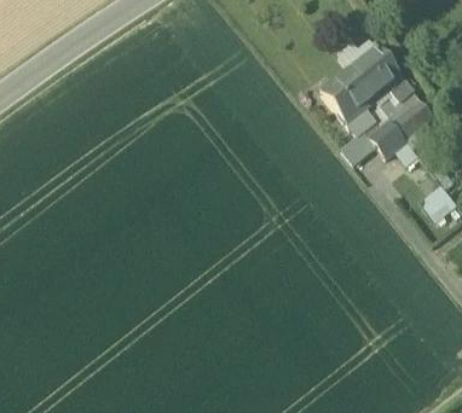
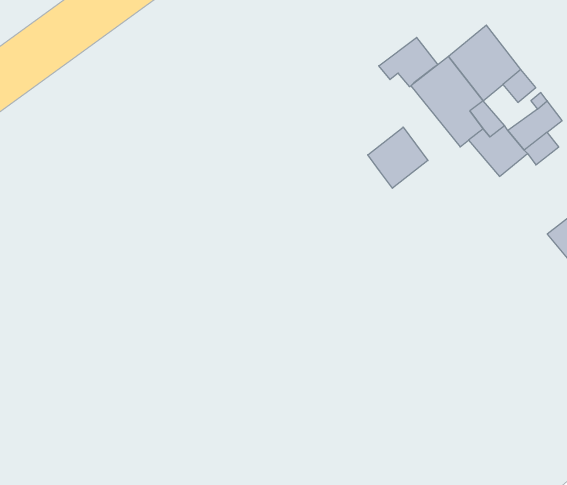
building: none -> [379,37,438,87]
building: none -> [368,127,428,188]

